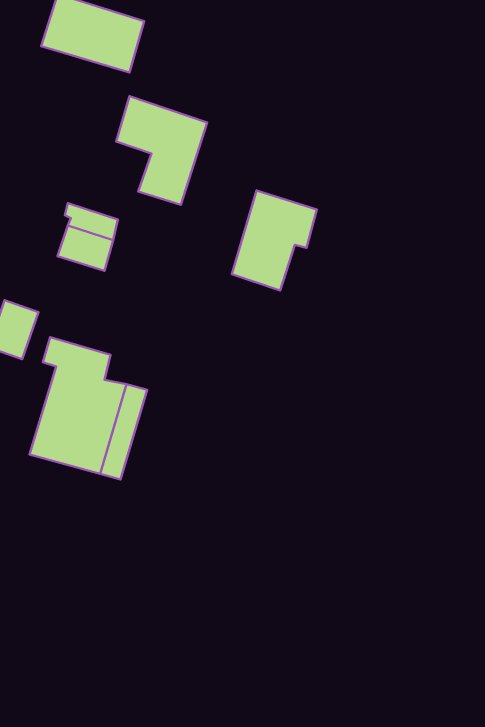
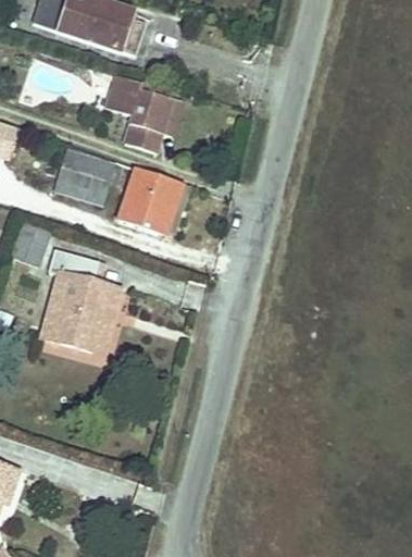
building: [232,190,317,290] -> [114,164,177,238]

